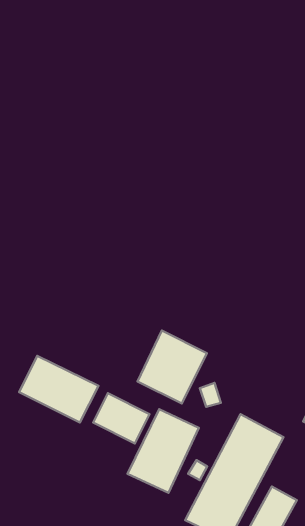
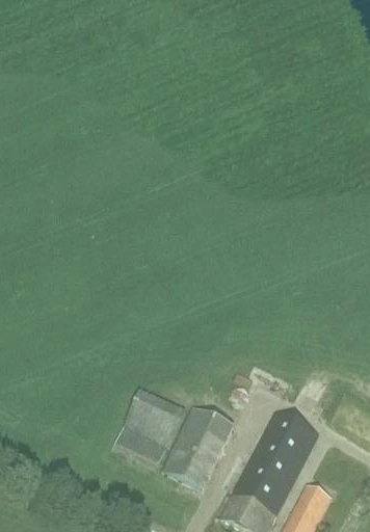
building: [138,331,207,403] -> none
building: [19,356,99,423] -> none

